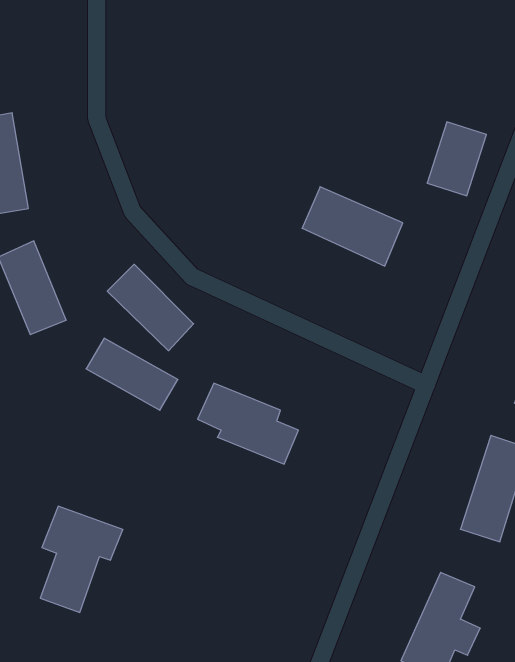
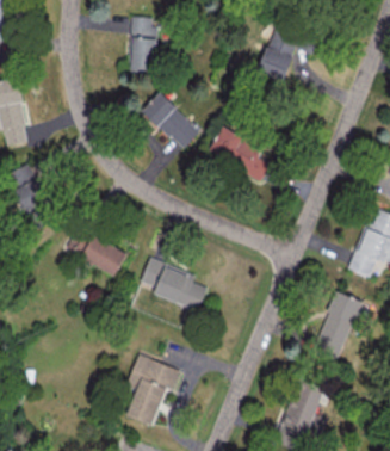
building: none -> [130,17,157,73]
building: [427,122,486,196] -> [258,33,297,82]
building: [107,264,194,351] -> [142,93,199,150]
building: [40,506,123,612] -> [126,356,181,426]

